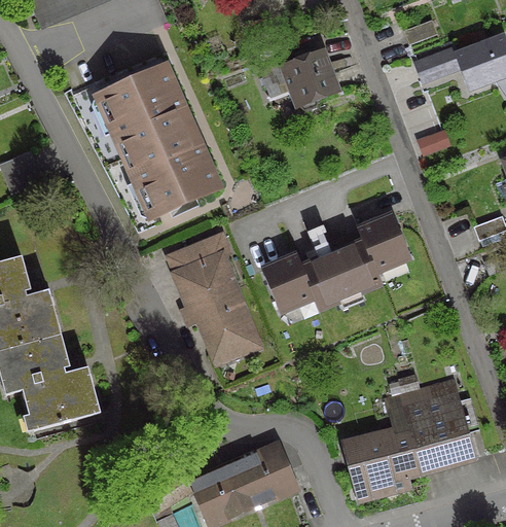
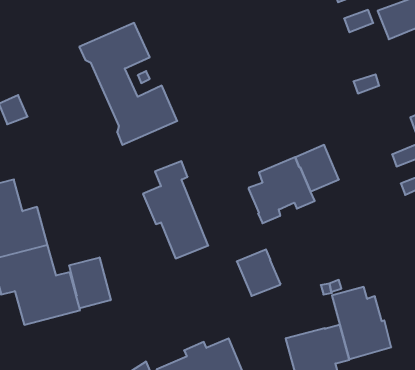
building: [262,50,337,110] -> none
building: [261,255,314,311] -> [237,249,281,296]
building: none -> [69,257,111,309]

